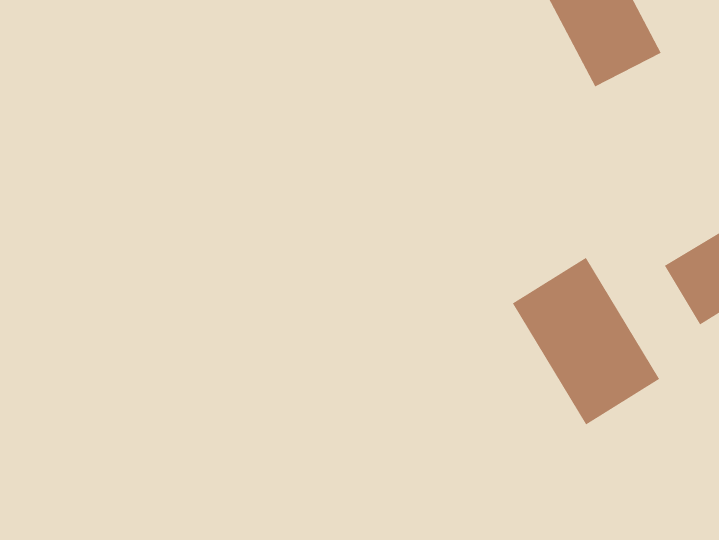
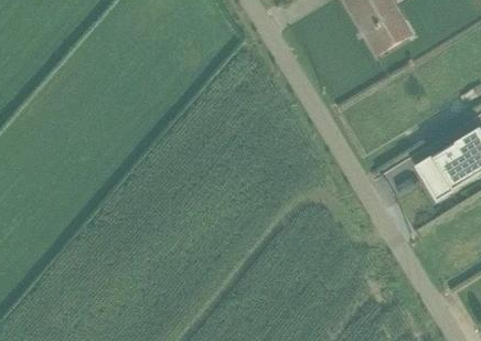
building: [512,257,660,425] -> none

